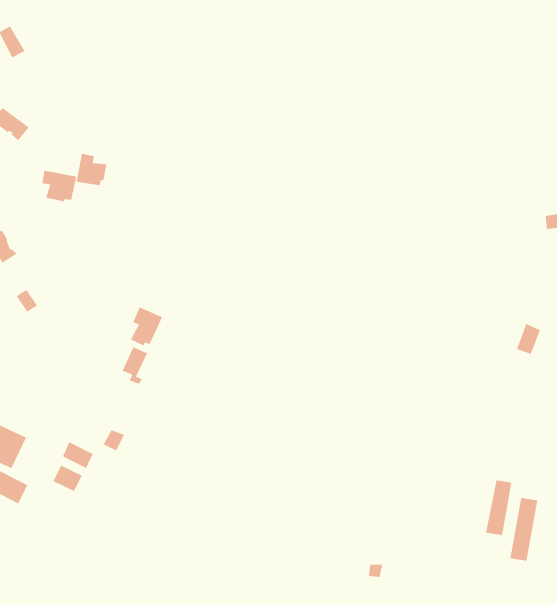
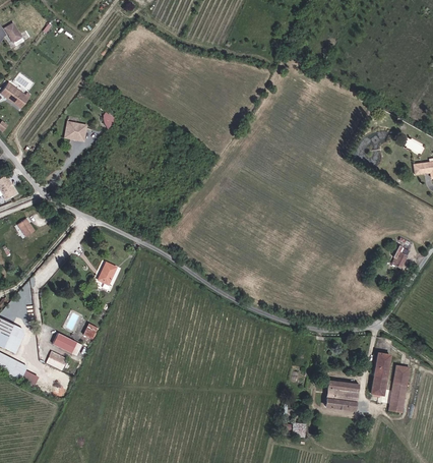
building: [42,170,77,202] -> none
building: [130,307,163,346] -> none
building: none -> [325,381,359,409]

